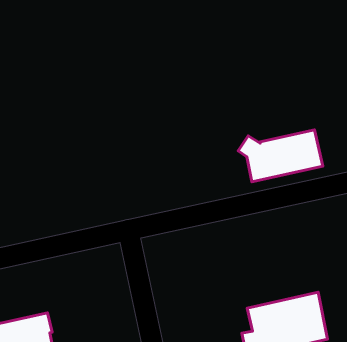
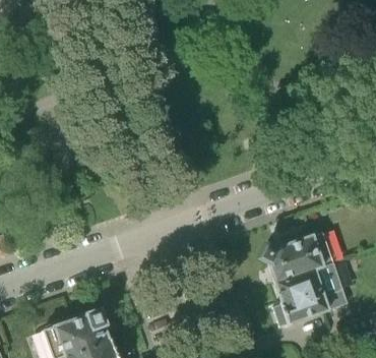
building: [238,130,323,182] -> [259,232,334,284]

